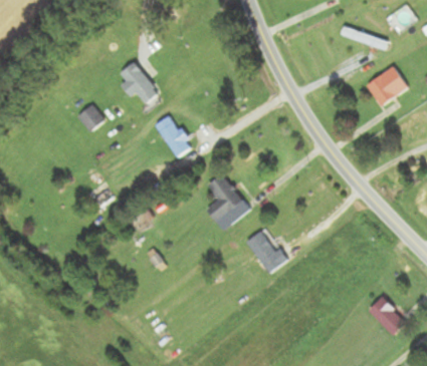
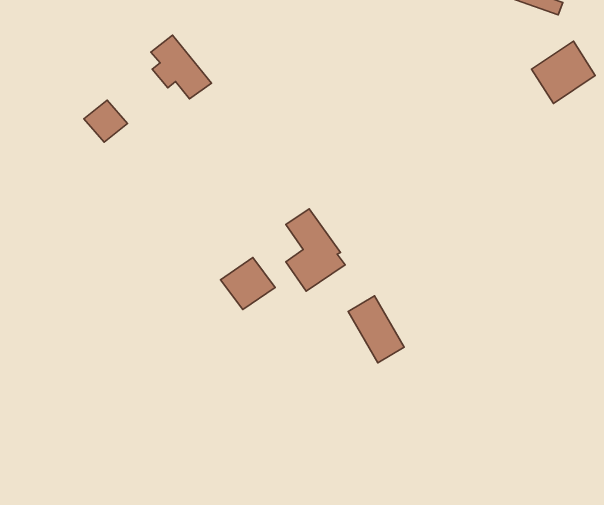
building: [155,114,191,156] -> none
building: none -> [220,258,275,310]
building: [368,297,406,335] -> none

